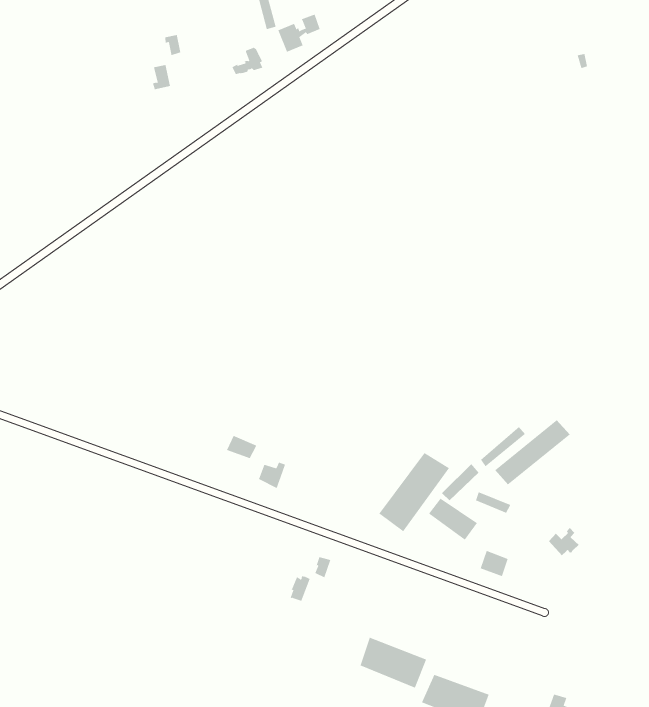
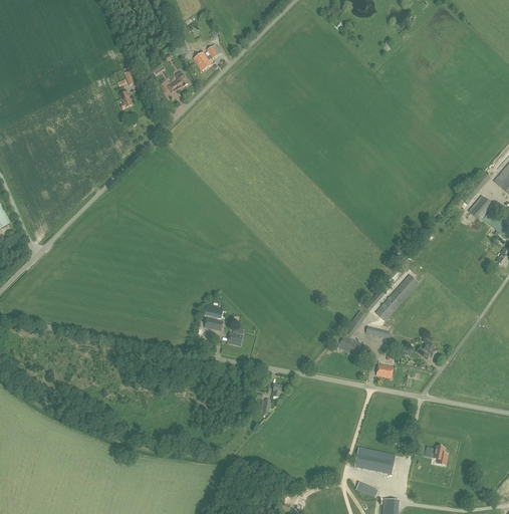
building: [378,452,450,532] -> none
building: [360,637,427,688] -> none

